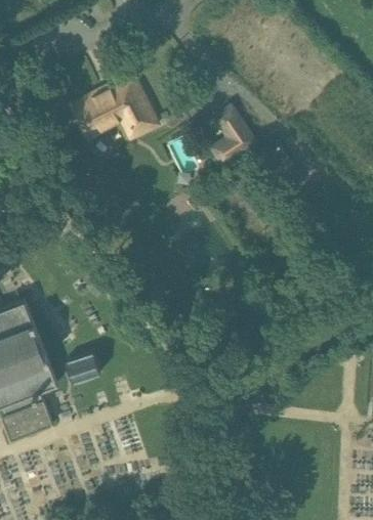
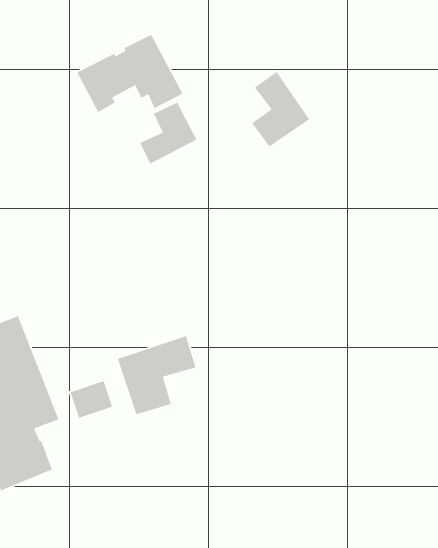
building: none -> [139,102,197,165]
building: none -> [117,335,197,415]

